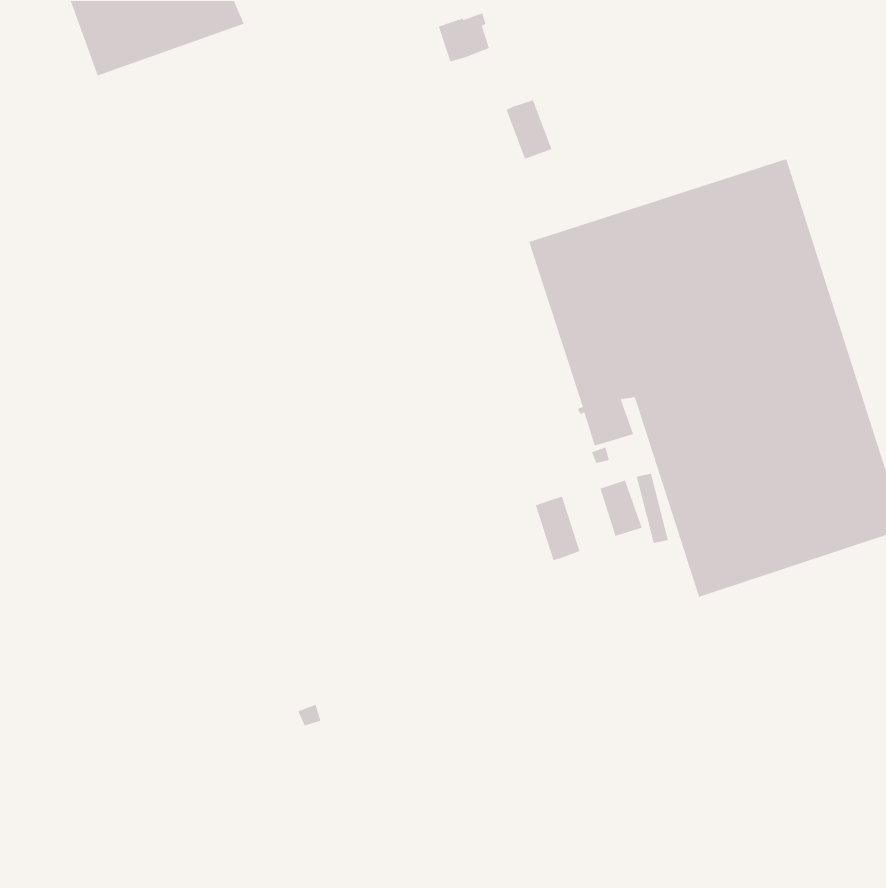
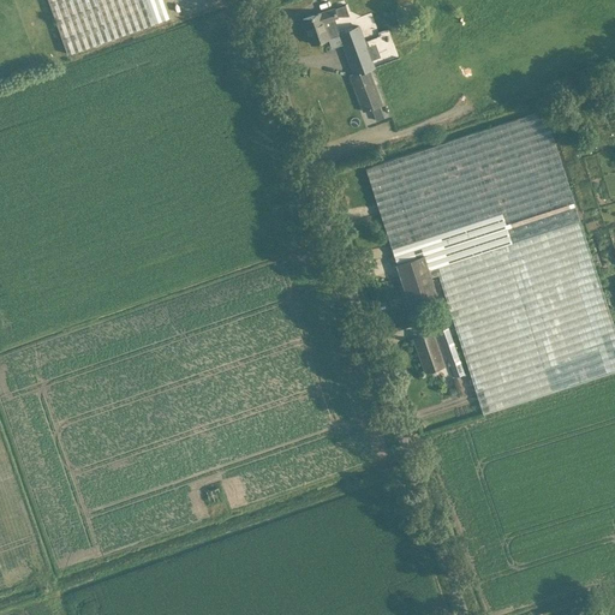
building: none -> [340,26,375,73]
building: [535,496,581,561] -> none

